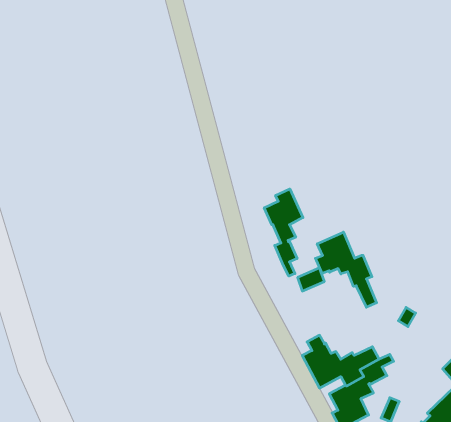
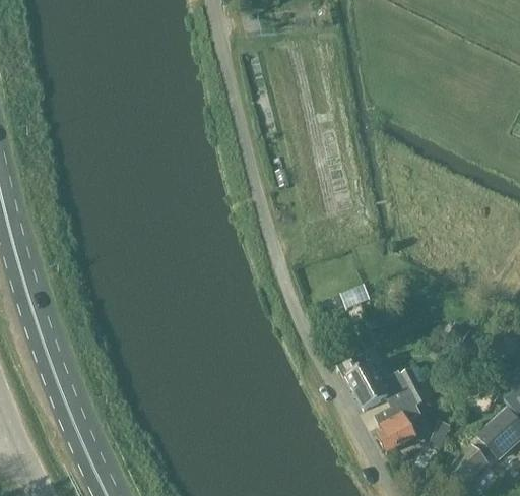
building: [264,189,303,276] -> none
building: [315,232,377,307] -> none

